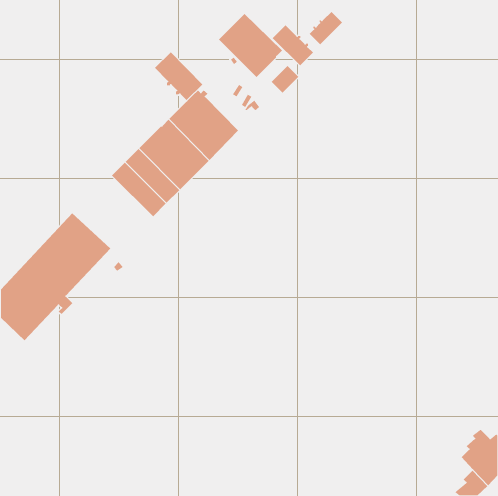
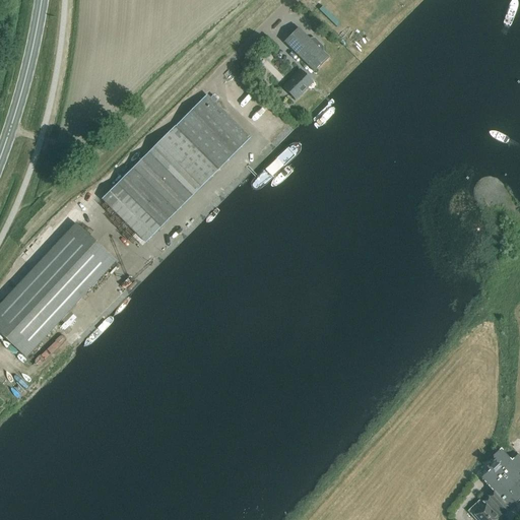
building: [309,11,343,45] -> none
building: [218,13,283,78] -> none
building: [154,52,203,101] -> none
building: none -> [102,183,159,241]

